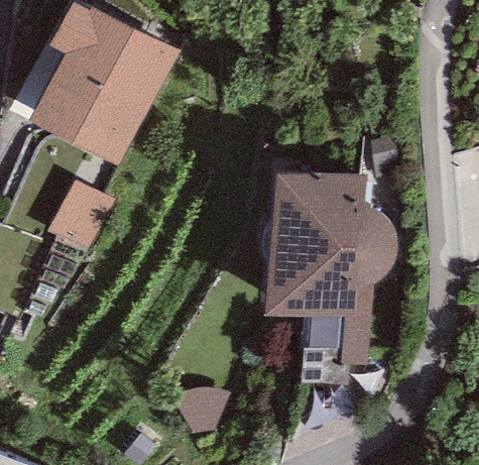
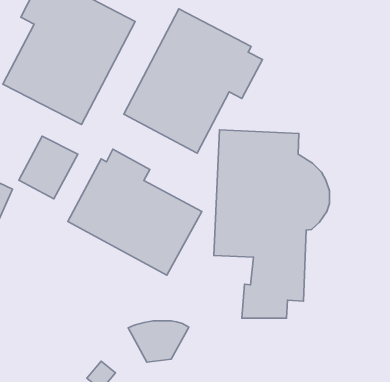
building: none -> [124,9,263,153]
building: none -> [68,149,202,275]

